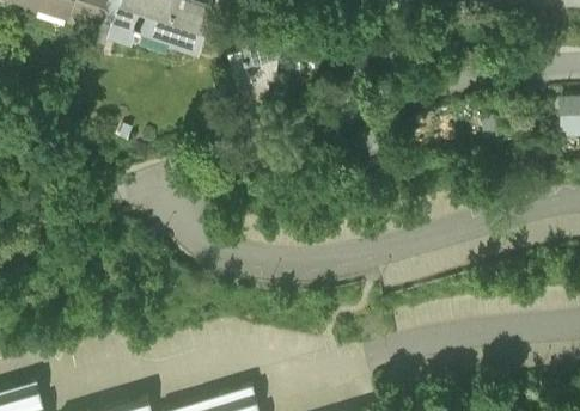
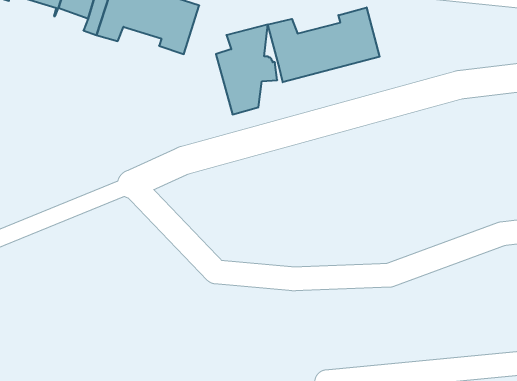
building: none -> [268,7,380,82]

